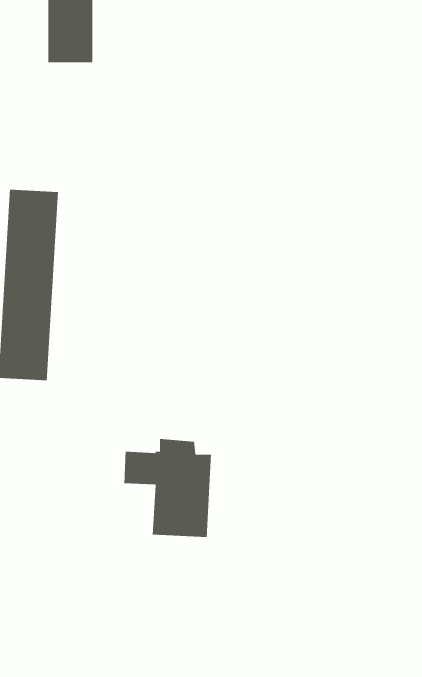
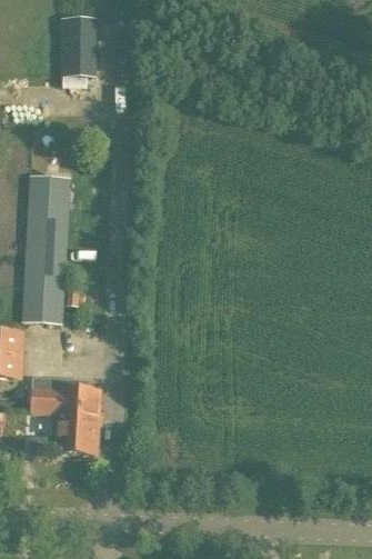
building: [123,438,212,538] -> [32,379,101,457]

